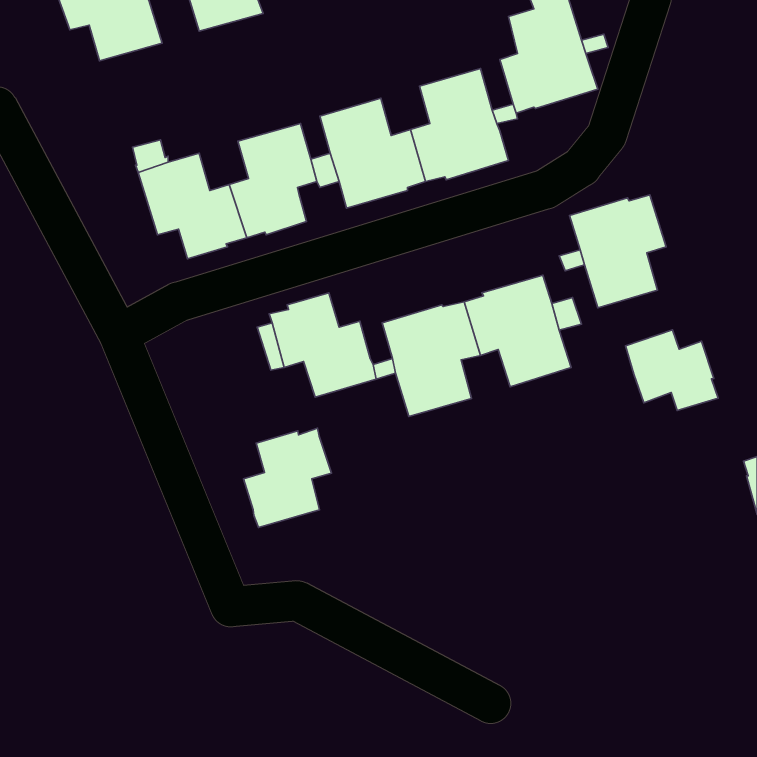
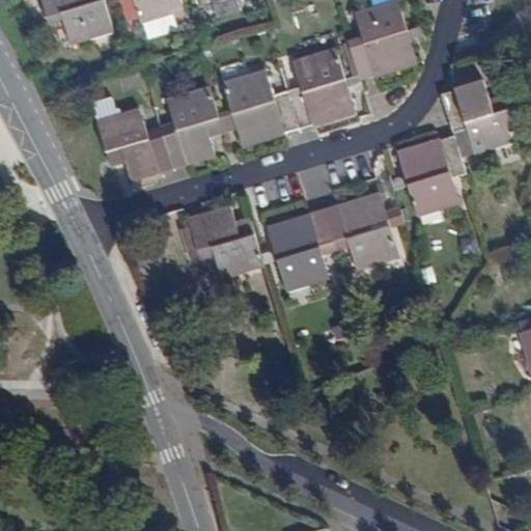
building: none -> [441,79,518,152]
building: [625,330,718,411] -> none
building: [244,428,331,528] -> none

